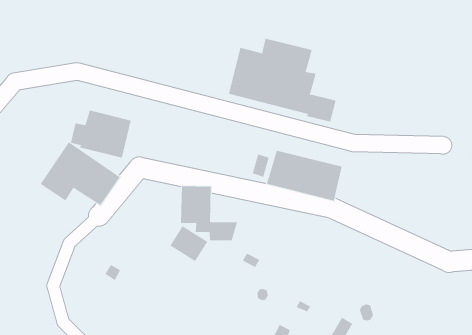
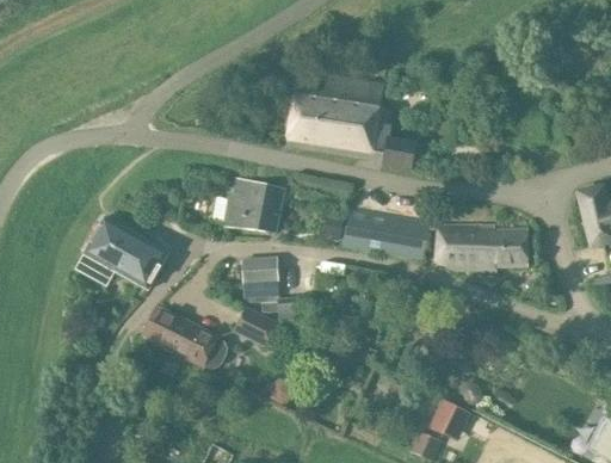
building: [70,110,132,158] -> [212,179,283,233]
building: none -> [450,223,527,271]
building: none -> [148,309,227,368]

